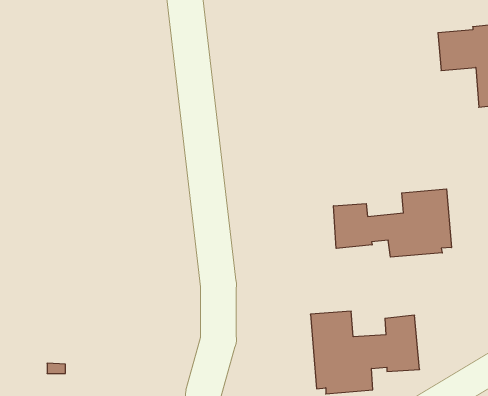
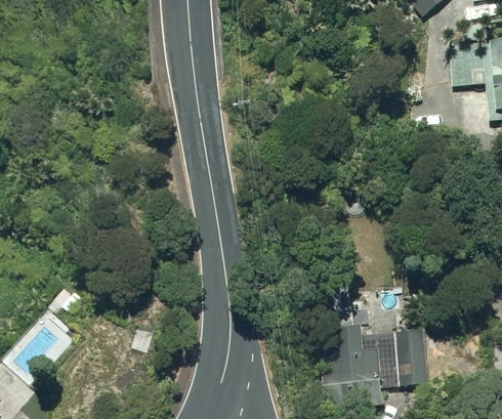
building: [334,189,451,257] -> none

